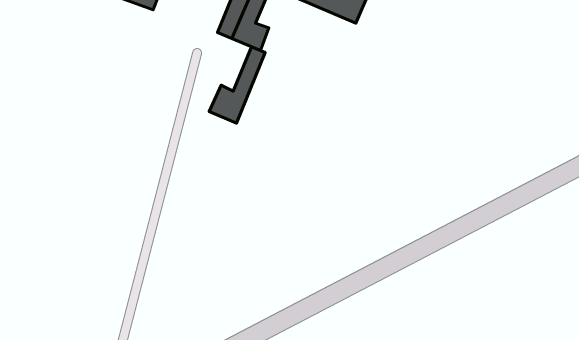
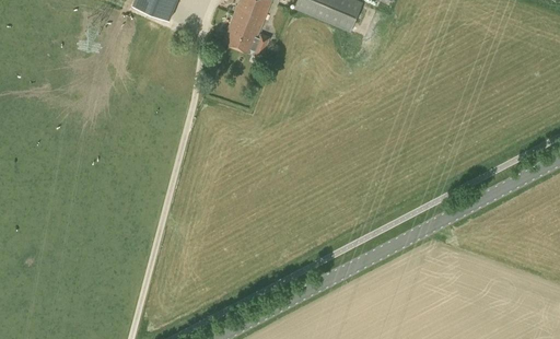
building: [209,47,265,123] -> none

